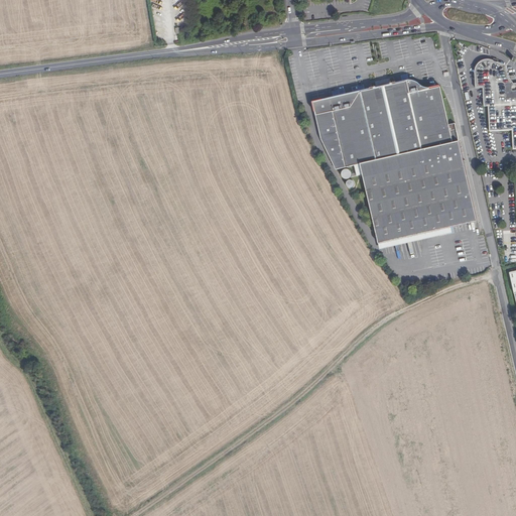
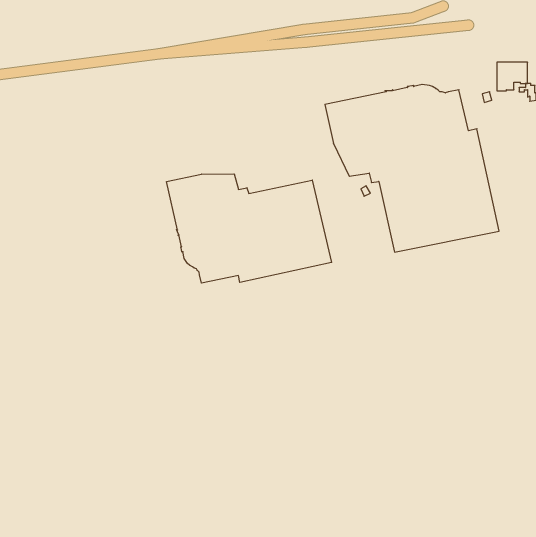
building: none -> [167,174,332,283]

